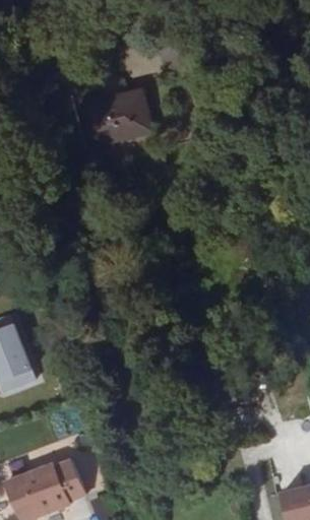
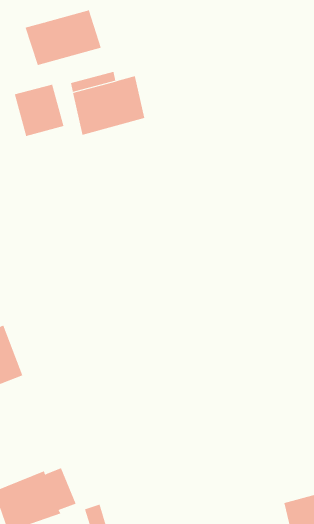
building: none -> [25,10,102,66]
building: none -> [14,84,64,137]

